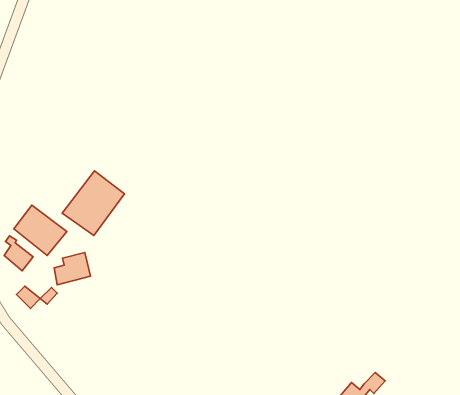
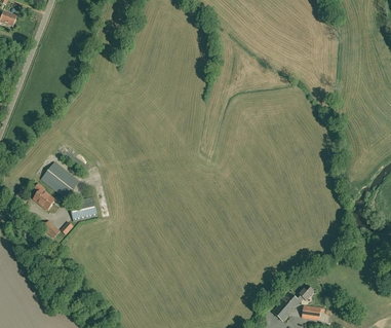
building: [62,171,125,235] -> none

